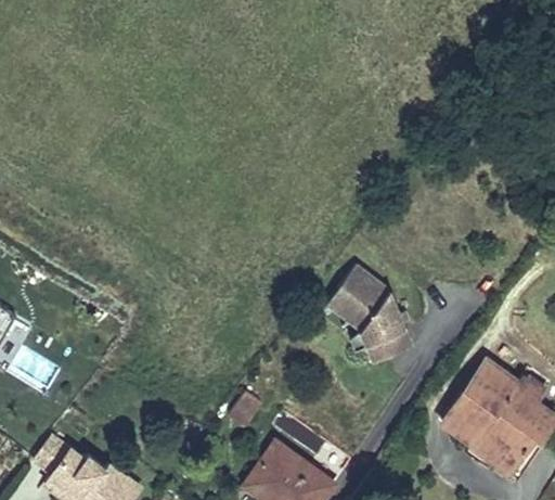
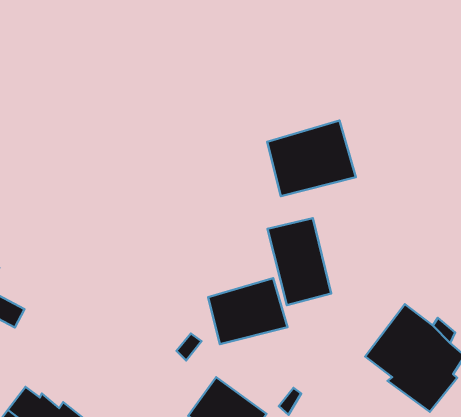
building: none -> [267,121,356,196]
building: none -> [208,278,287,344]

